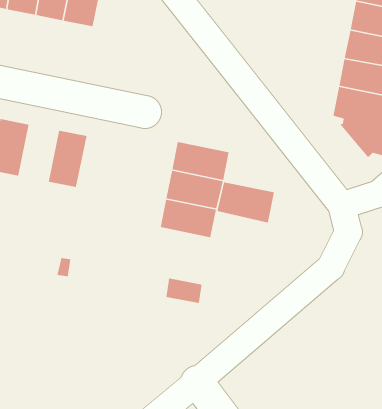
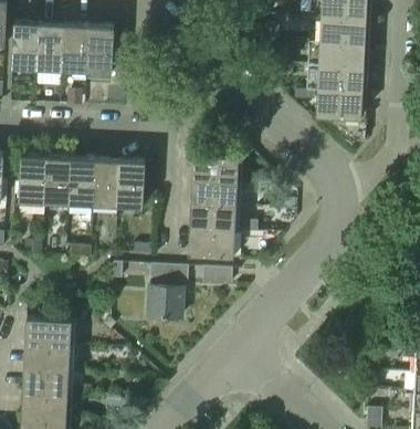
building: none -> [69,158,95,203]
building: none -> [117,160,145,206]
building: [216,181,275,223] -> [188,227,233,255]
building: none -> [148,264,188,317]

